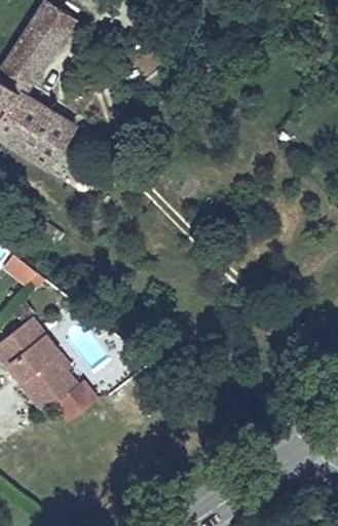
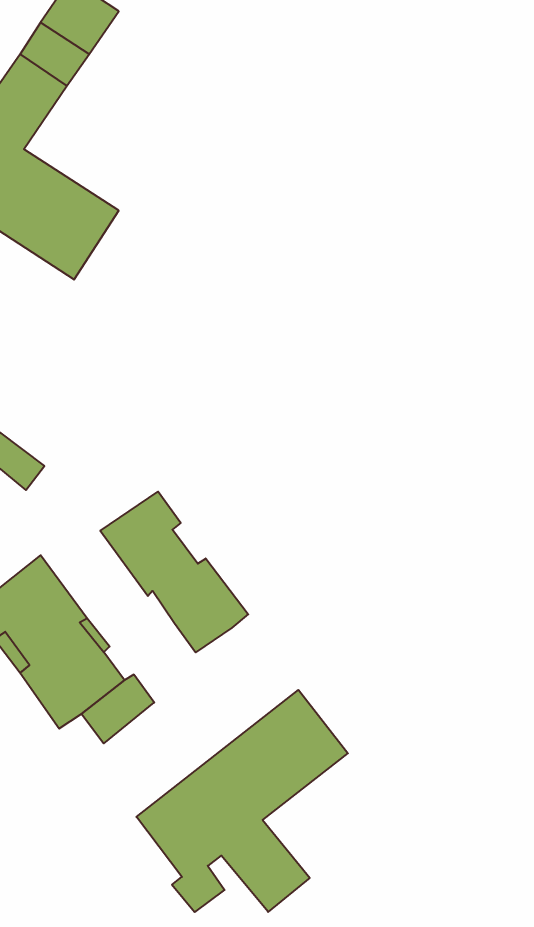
building: none -> [100,492,248,652]
building: none -> [136,690,348,912]

